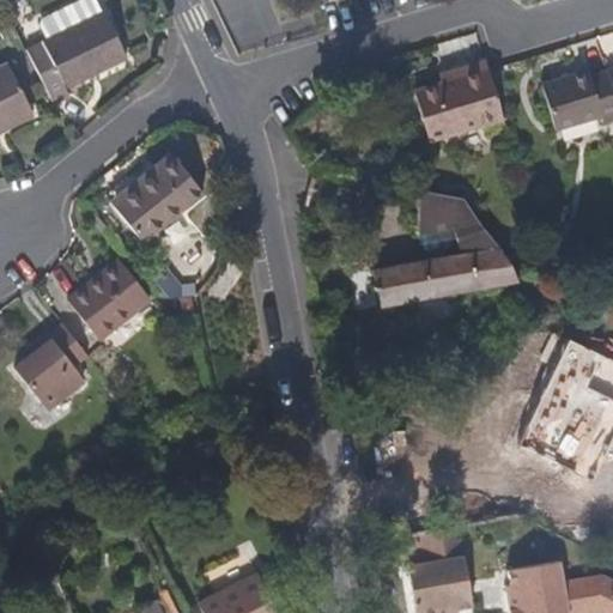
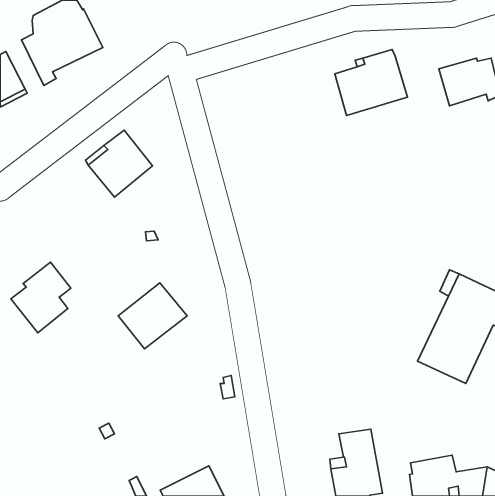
building: [374,190,518,308] -> none
building: [67,260,152,341] -> [118,283,187,349]

